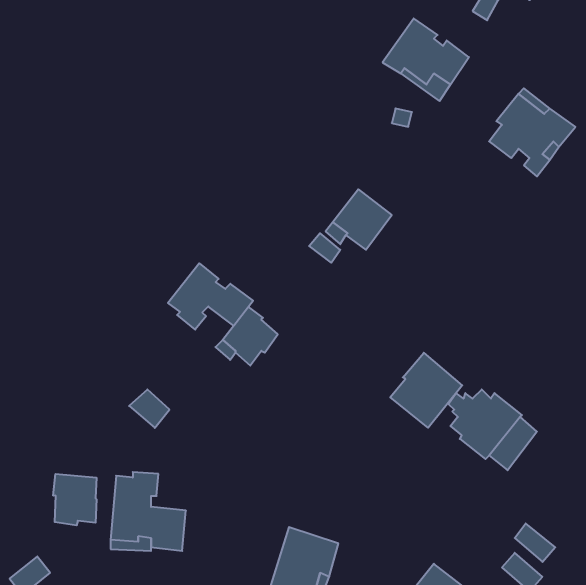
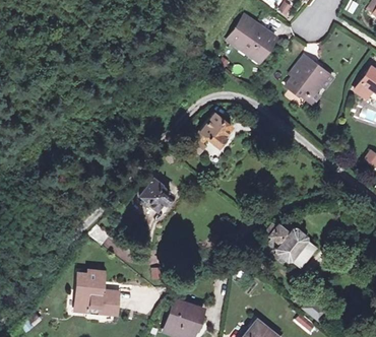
building: [168,263,253,330] -> none
building: [390,353,462,428] -> none
building: [53,474,97,525] -> none

